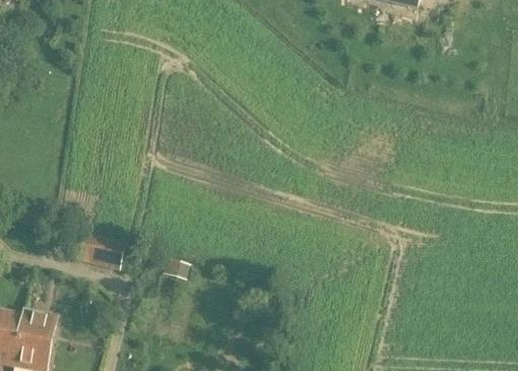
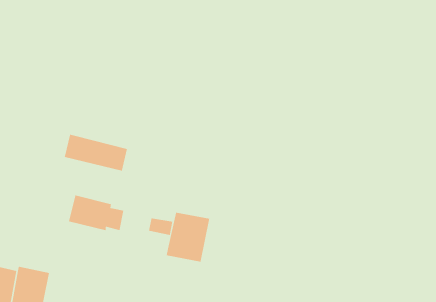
building: none -> [64,134,127,172]
building: none -> [166,212,210,263]

